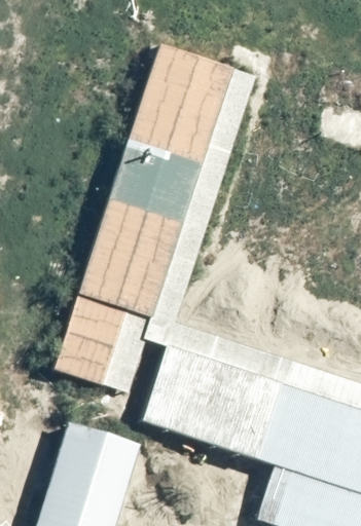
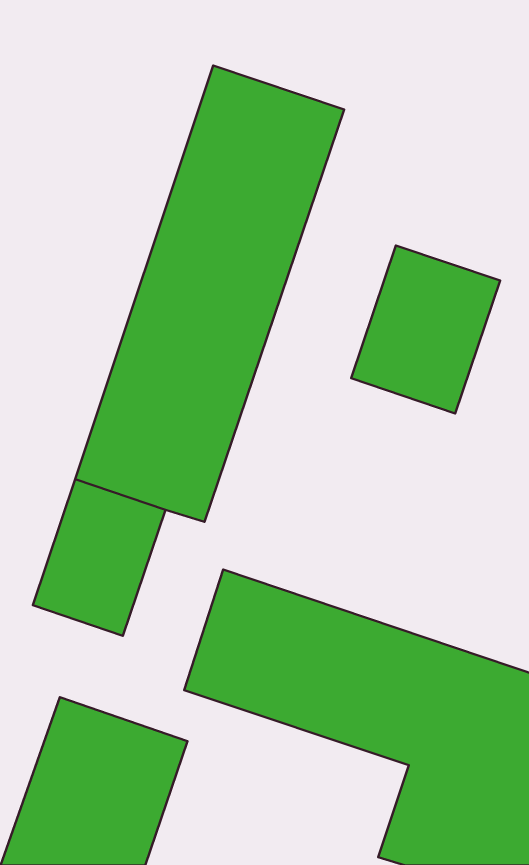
building: none -> [351,245,500,413]

